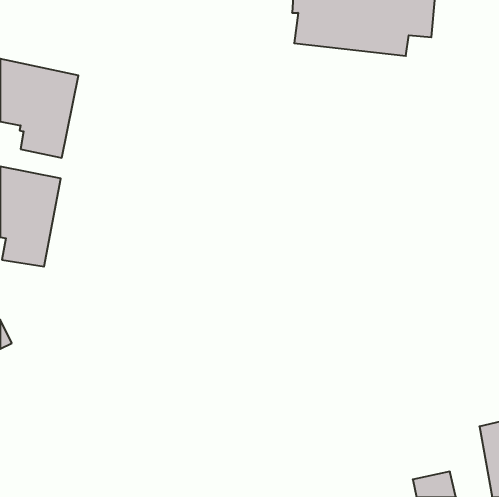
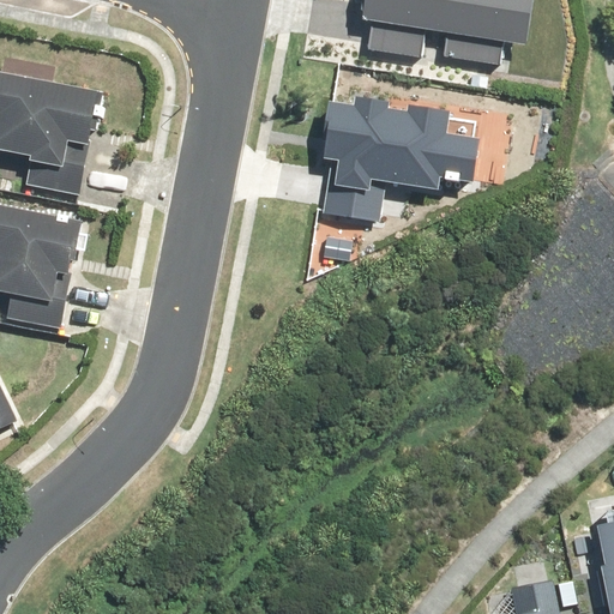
building: none -> [320,97,471,221]

